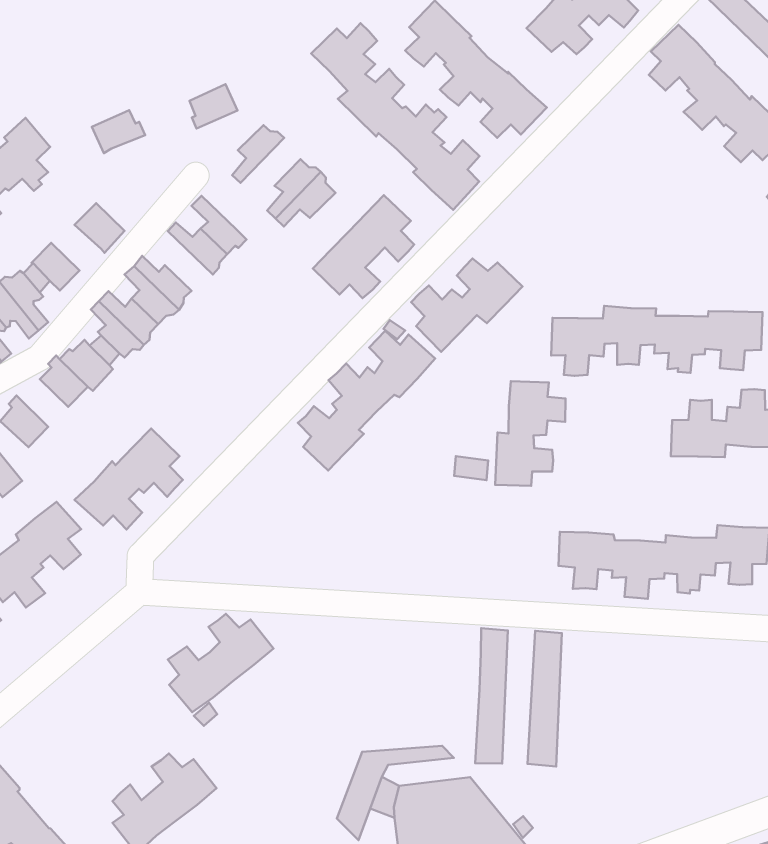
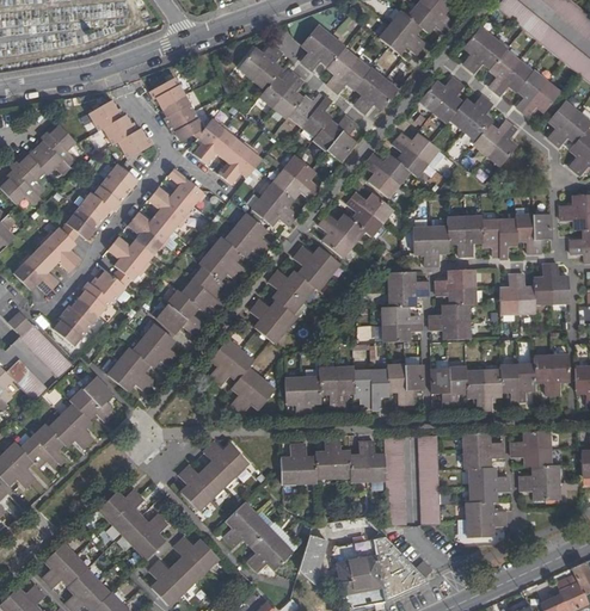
building: none -> [149,76,184,105]
building: none -> [84,101,119,130]
building: none -> [420,78,516,165]
building: none -> [167,109,202,140]
building: none -> [112,129,149,159]
building: none -> [199,124,238,162]
building: none -> [364,132,437,197]
building: none -> [105,162,139,195]
building: none -> [78,191,111,223]
building: none -> [148,192,186,230]
building: none -> [155,214,270,335]
building: none -> [63,297,98,328]
building: none -> [430,269,475,339]
building: none -> [210,339,274,413]
building: none -> [284,364,424,415]
building: none -> [281,440,386,481]
building: none -> [463,433,508,537]
building: none -> [512,431,558,500]
building: none -> [98,489,167,557]
building: none -> [225,502,291,570]

